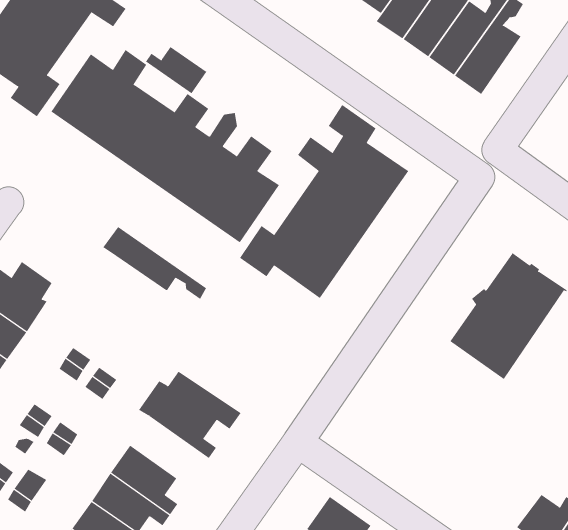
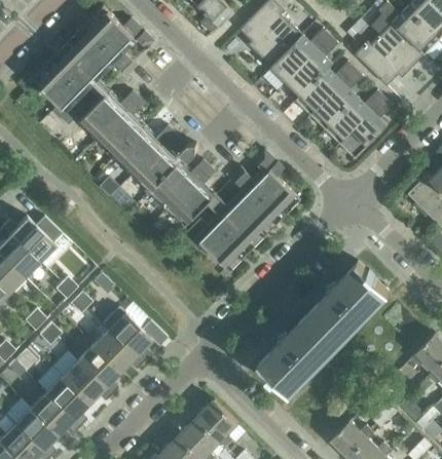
building: [145,46,207,94] -> none
building: [102,226,207,300] -> none
building: none -> [259,313,339,394]
building: none -> [93,329,142,372]

